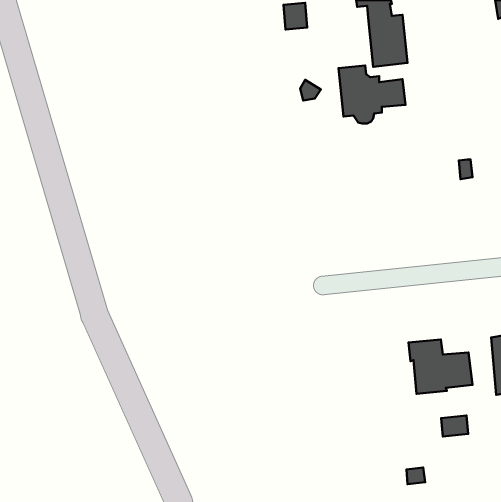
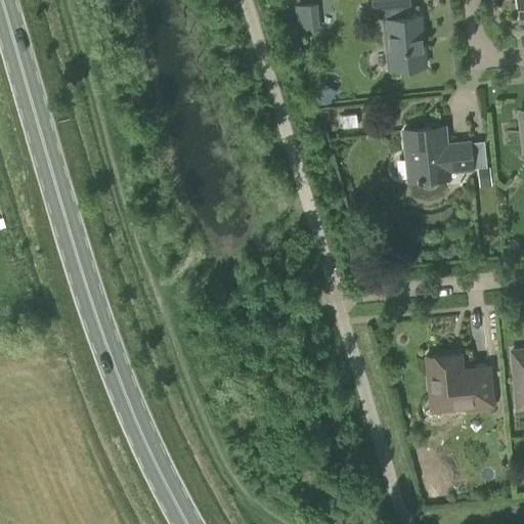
building: [339,65,406,123] -> [404,128,474,188]
building: [441,415,468,437] -> none

